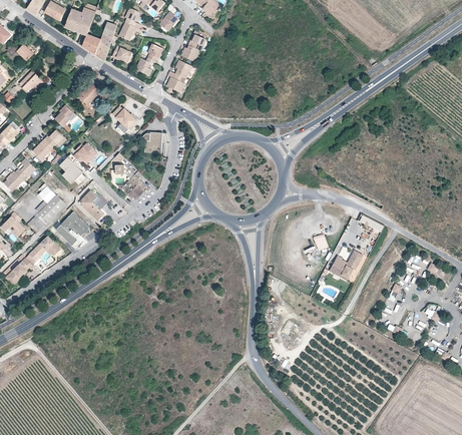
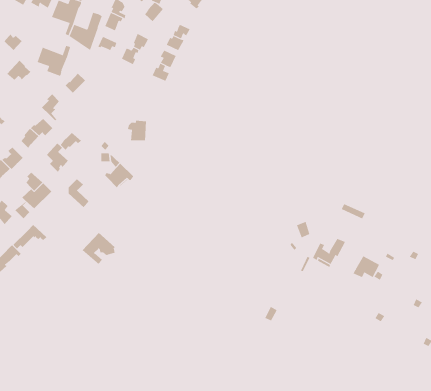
building: none -> [37,45,71,77]
building: [109,104,136,134] -> none
building: [55,211,89,245] -> [82,232,116,265]
building: none -> [353,255,380,278]

